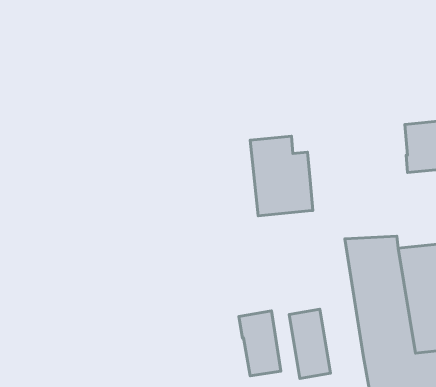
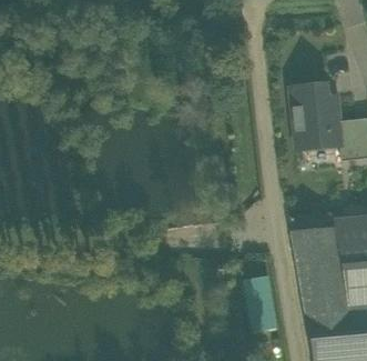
building: [250,136,313,216] -> [289,83,341,150]
building: [239,311,281,376] -> none

